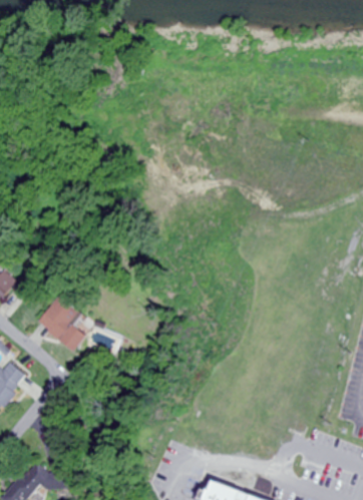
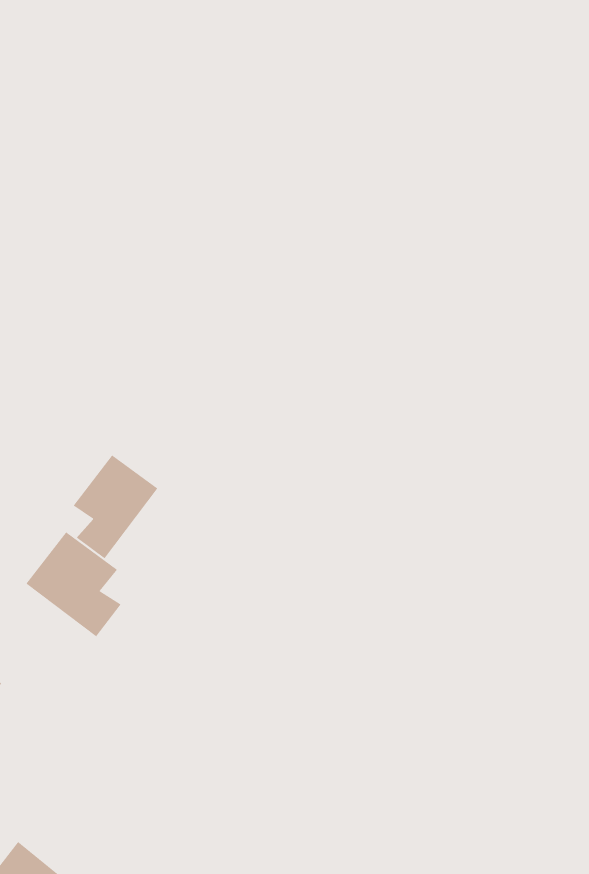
building: none -> [73,455,158,559]

